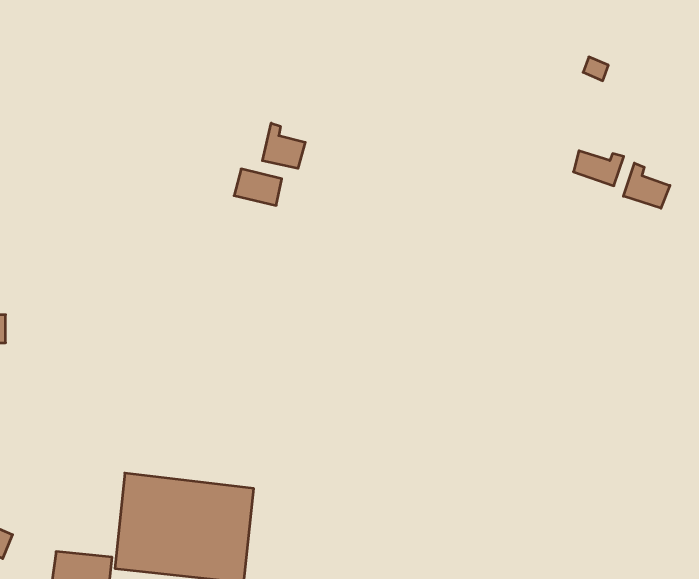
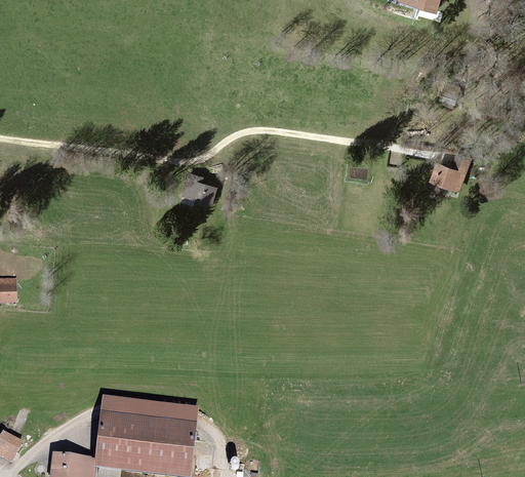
building: [262,123,305,168] -> none
building: [623,163,670,208] -> none

